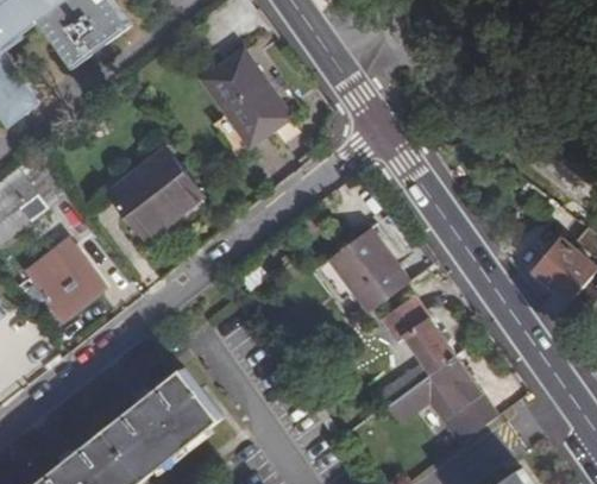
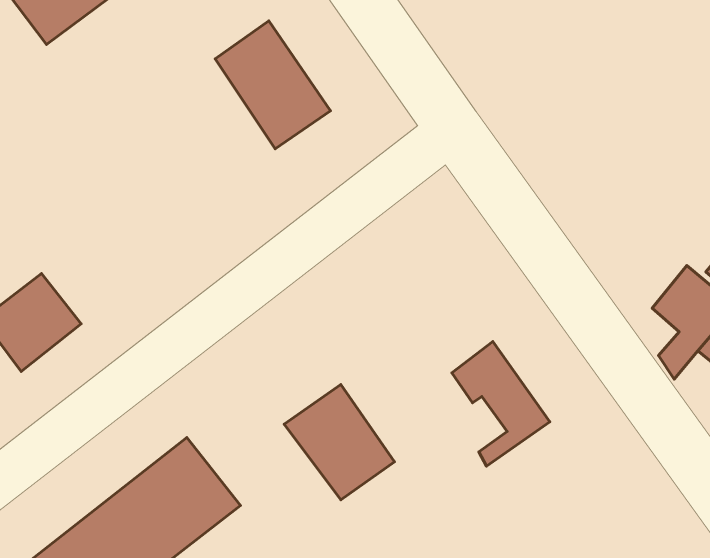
building: [109,150,202,239] -> none
building: [322,224,406,310] -> [284,385,394,500]
building: [385,356,497,442] -> none

